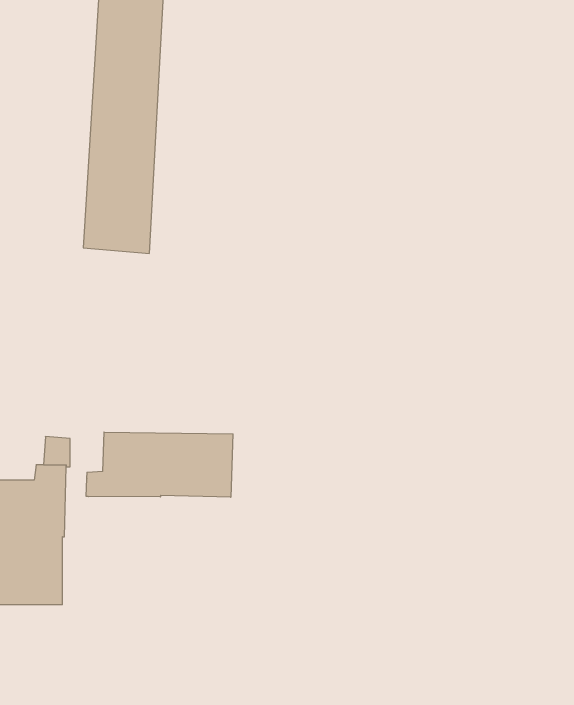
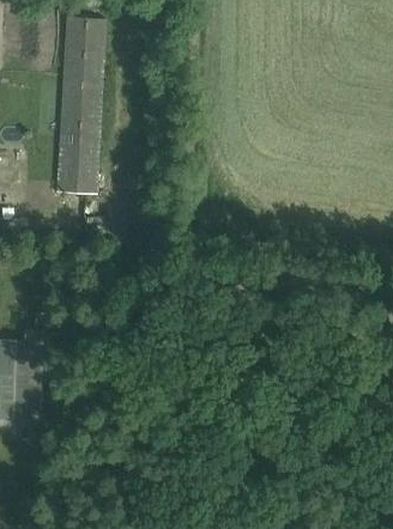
building: [86,432,233,497] -> none

